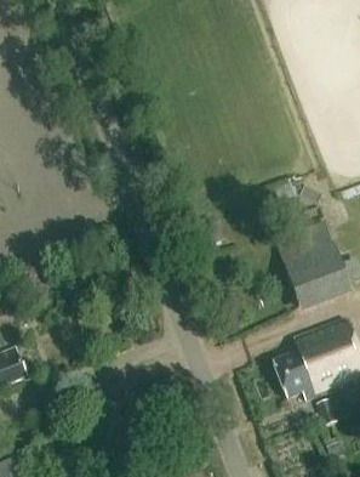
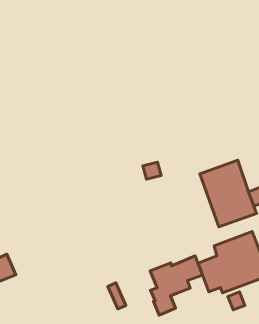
building: none -> [150,256,202,315]

